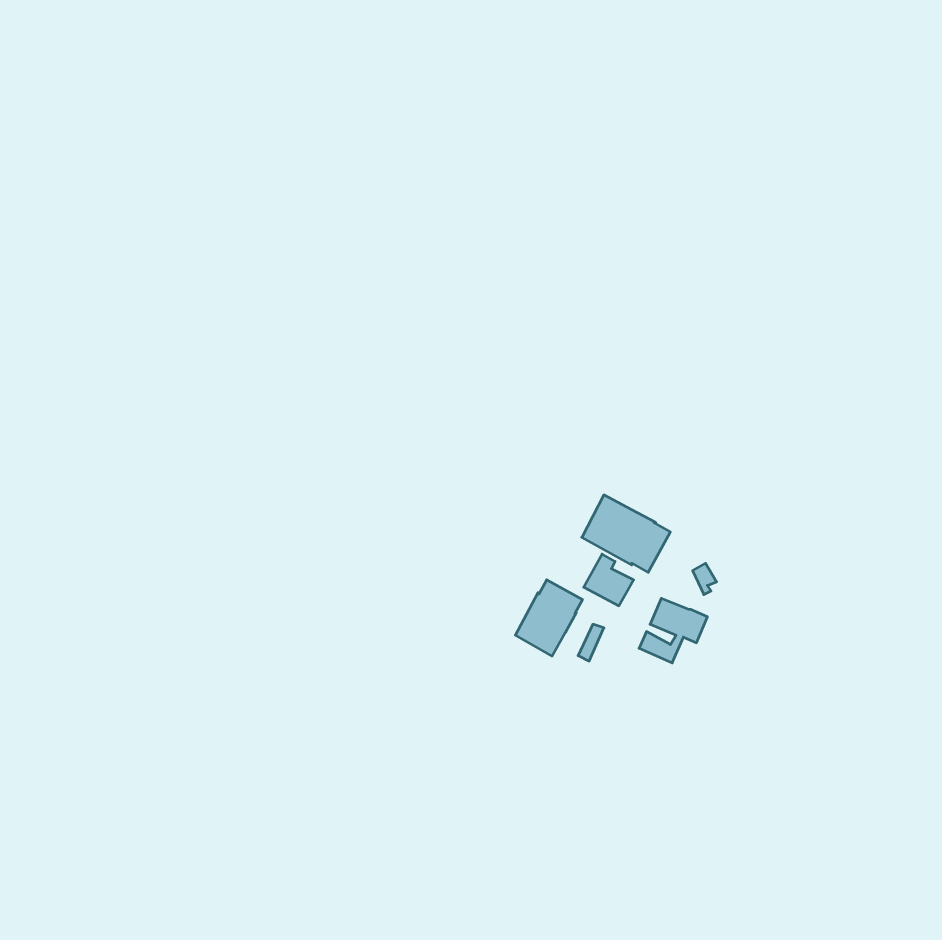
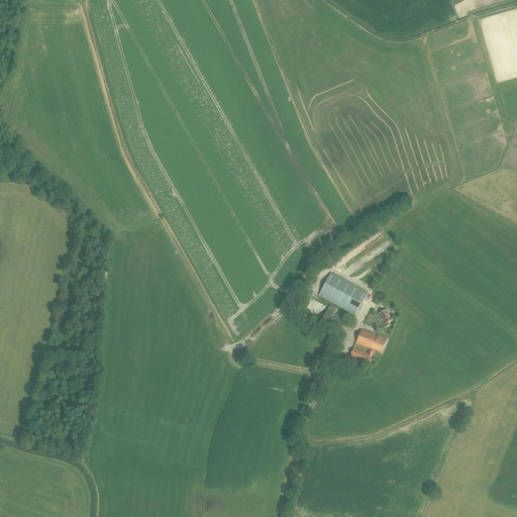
building: [515,580,582,656] -> none

